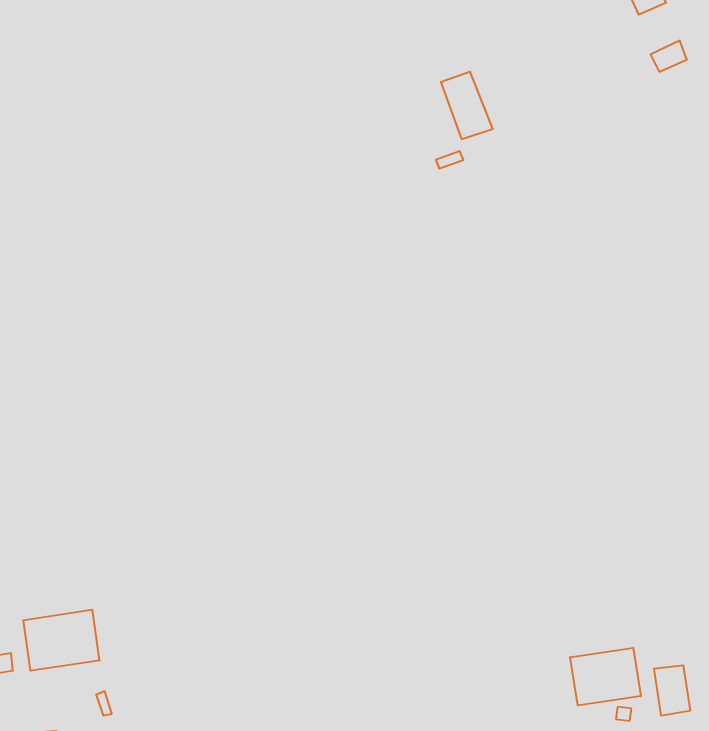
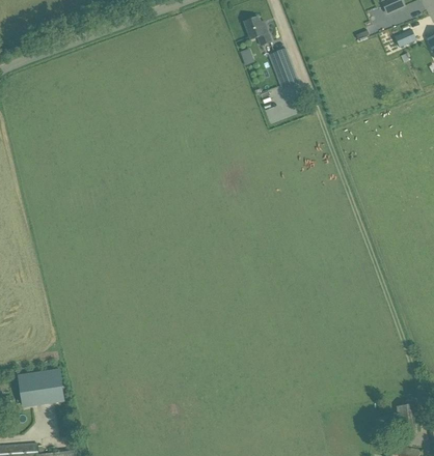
building: none -> [244,16,271,45]
building: [570,648,641,705] -> none

